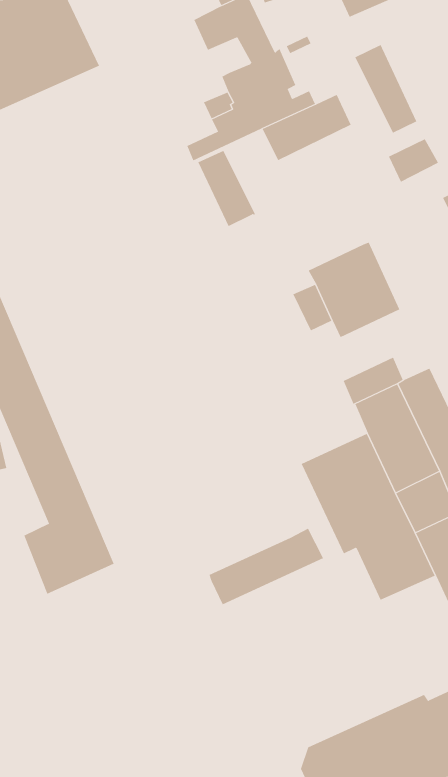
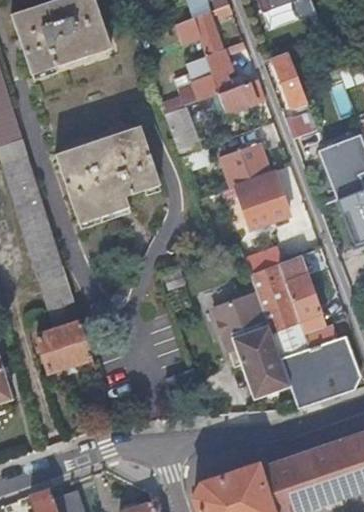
building: none -> [56,123,161,222]
building: none -> [215,144,266,189]
building: [209,528,324,605] -> none

